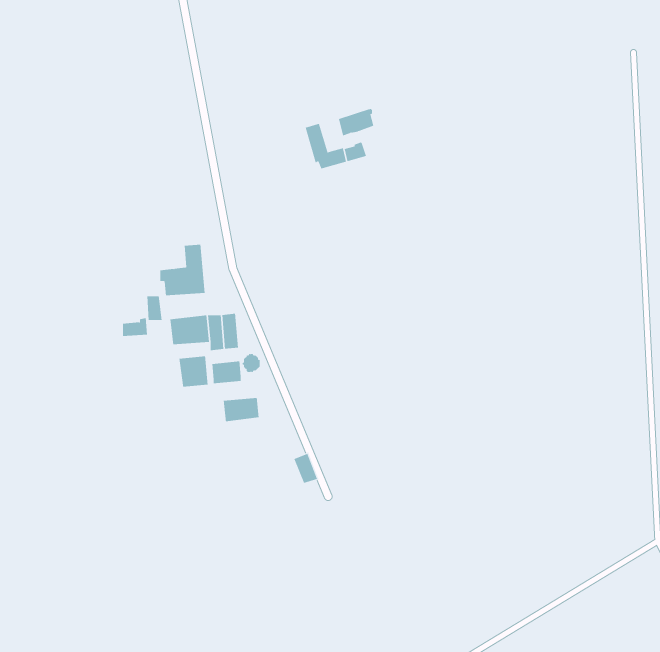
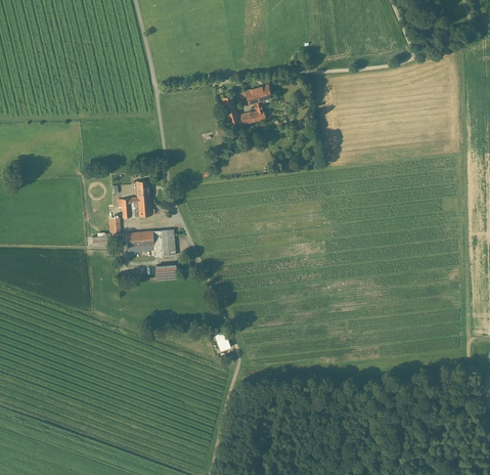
building: [179,355,208,387] -> none
building: [223,397,259,422] -> none

